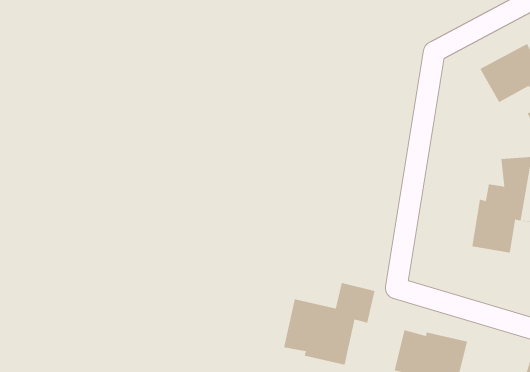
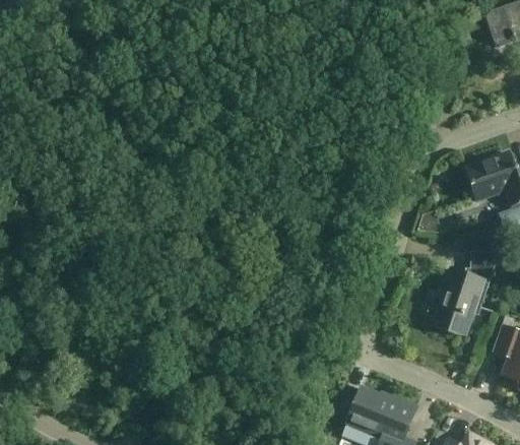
building: [284,282,375,365] -> none

